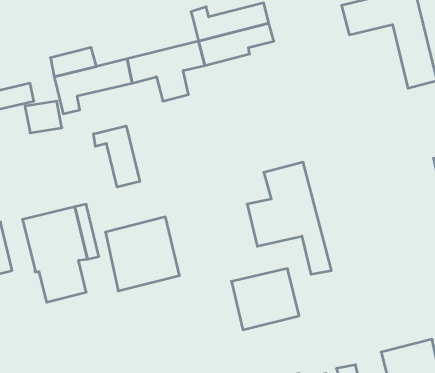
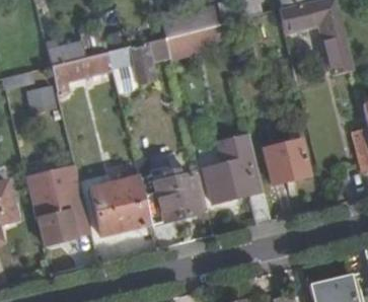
building: [94,126,140,187] -> none
building: none -> [263,138,310,181]
building: [231,269,299,330] -> [154,172,208,221]

